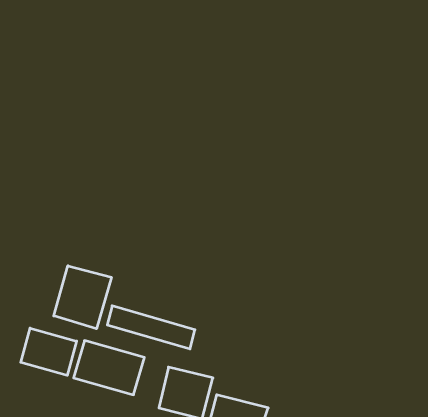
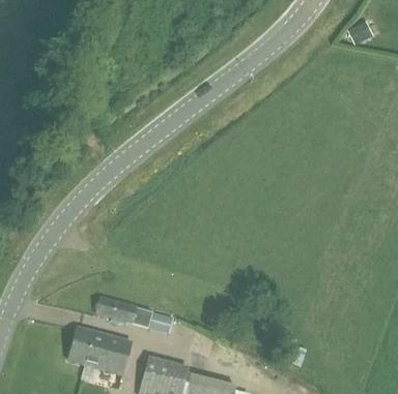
building: [54,266,111,329] -> none
building: [21,328,77,375] -> none

